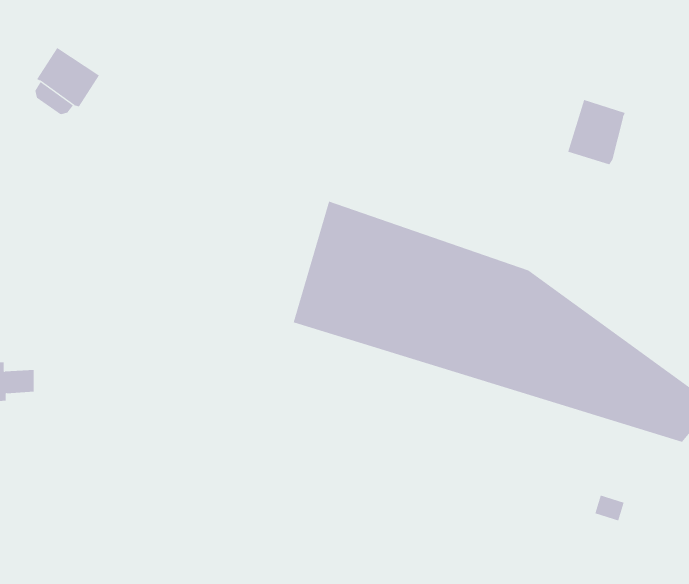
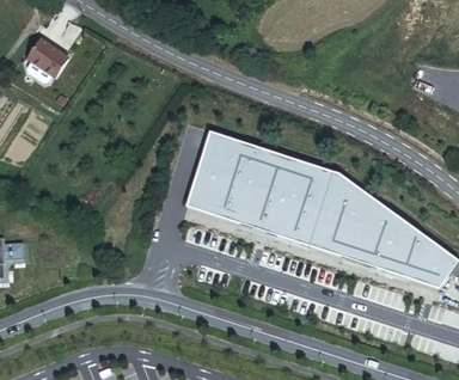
building: [567,99,626,165] -> none

